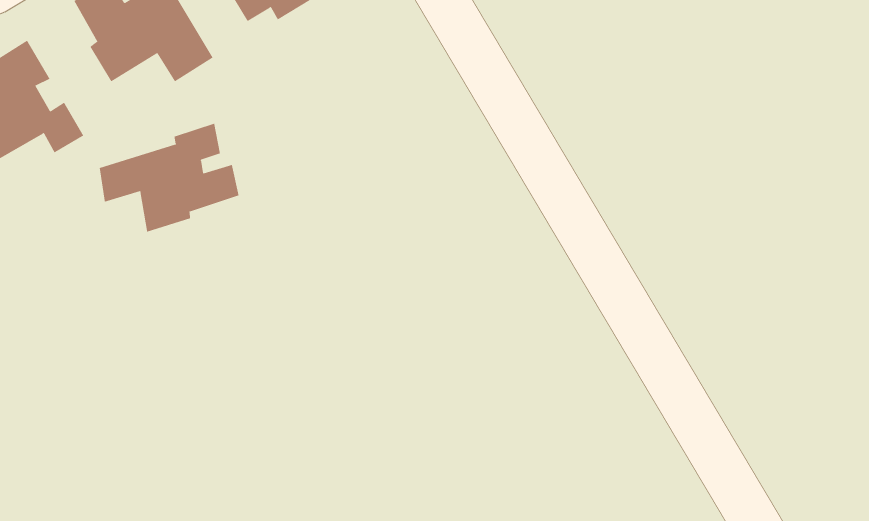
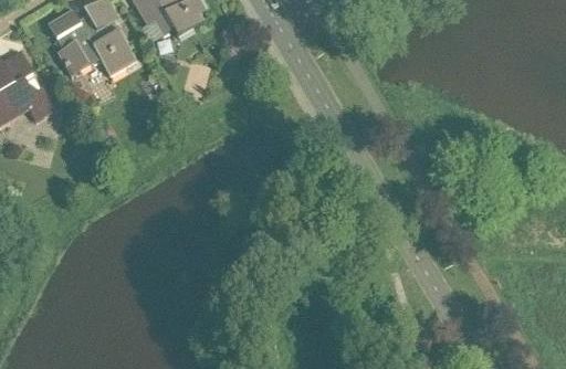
building: [99,123,239,233] -> none

